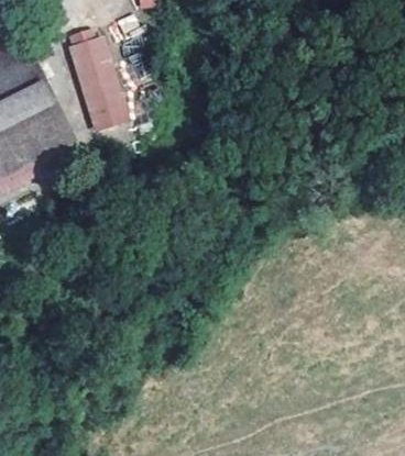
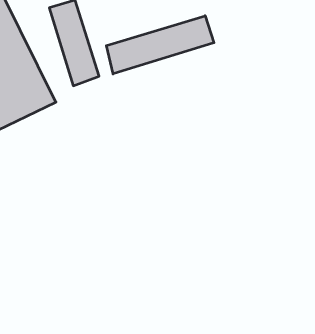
building: none -> [106,16,214,74]

